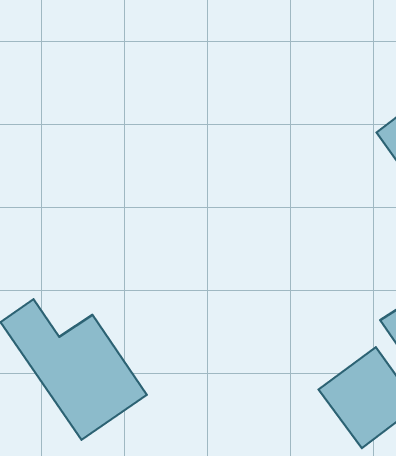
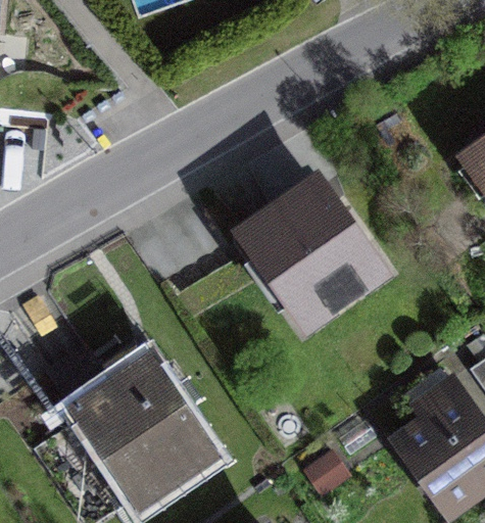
building: none -> [242,185,374,320]

